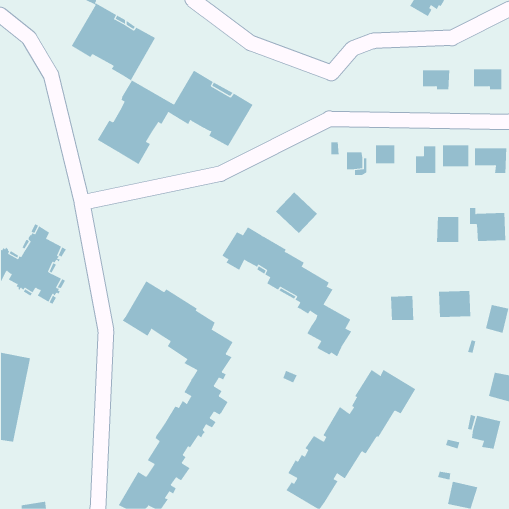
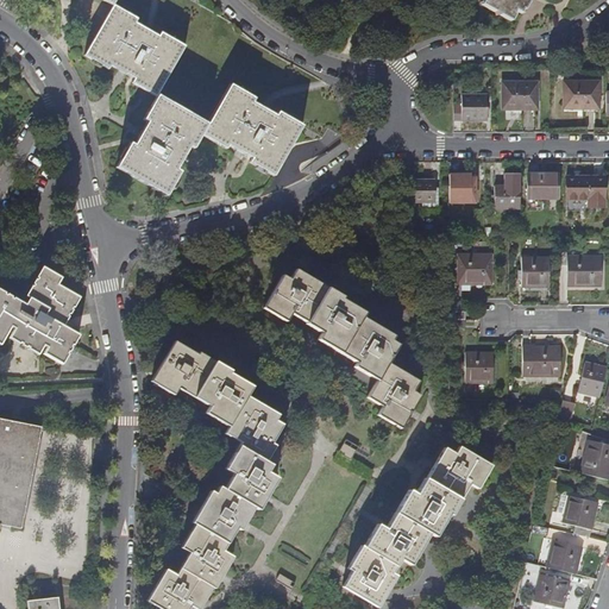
building: none -> [454,94,488,120]
building: [275,191,318,234] -> none
building: none -> [458,253,492,282]
building: none -> [547,540,583,573]

